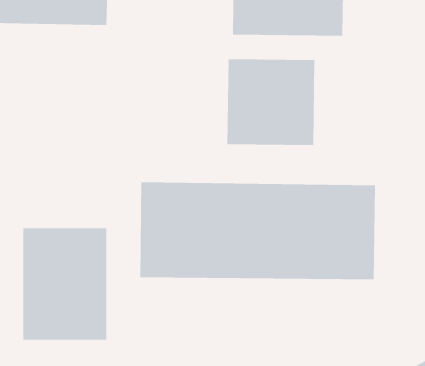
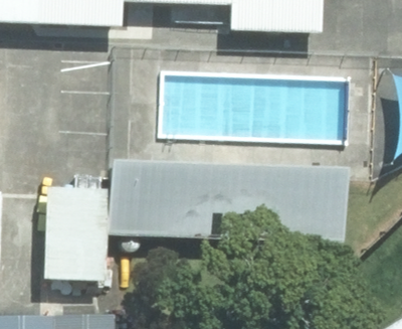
building: [227,59,315,146] -> none

